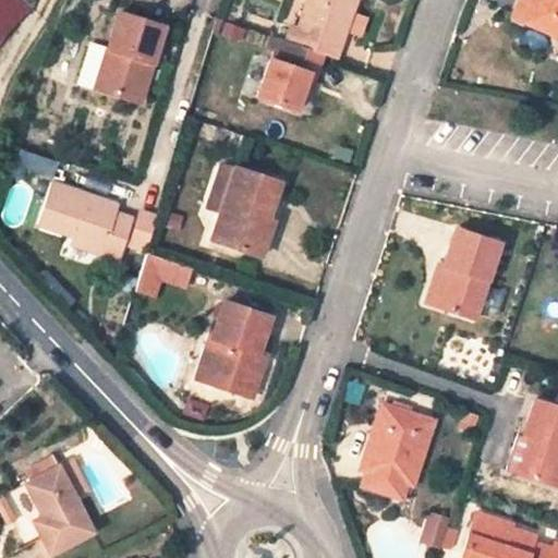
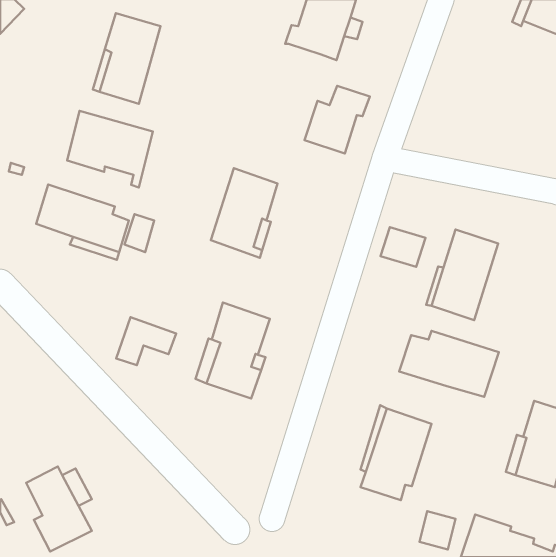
building: [257,44,323,111] -> [304,86,370,153]
building: none -> [67,111,153,187]
building: none -> [381,227,425,267]
building: [133,252,193,300] -> [116,317,176,365]
building: none -> [399,331,499,397]

